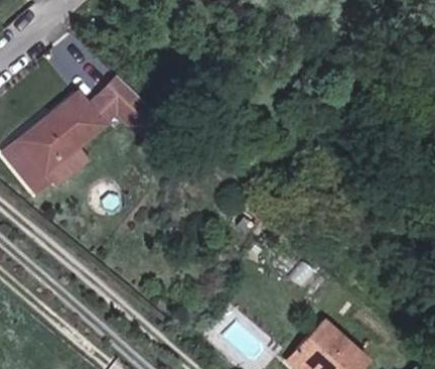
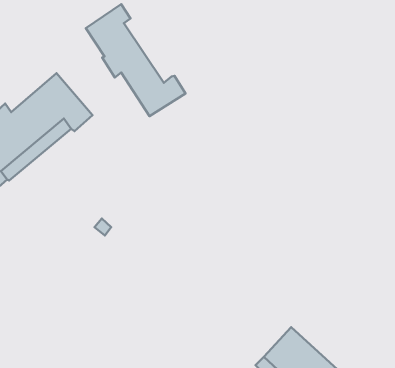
building: none -> [86,4,185,116]

